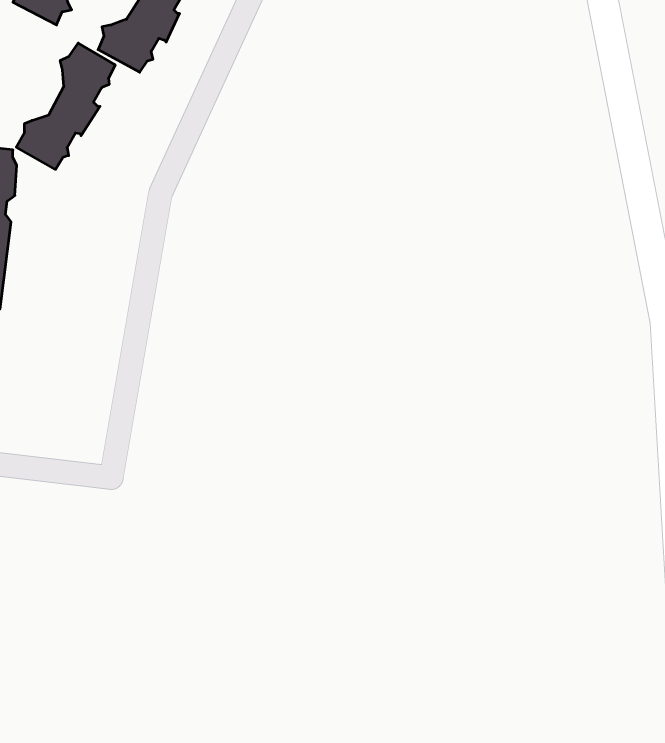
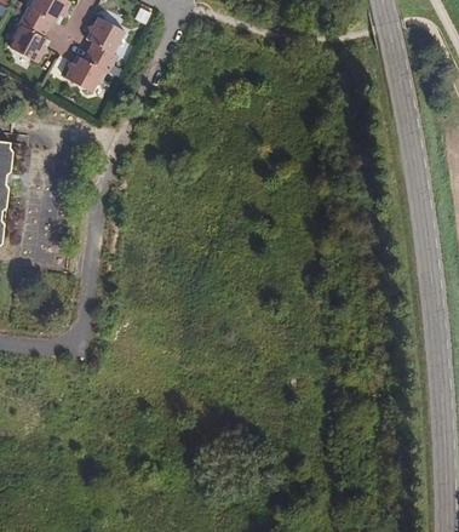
building: [16,43,115,169] -> none

